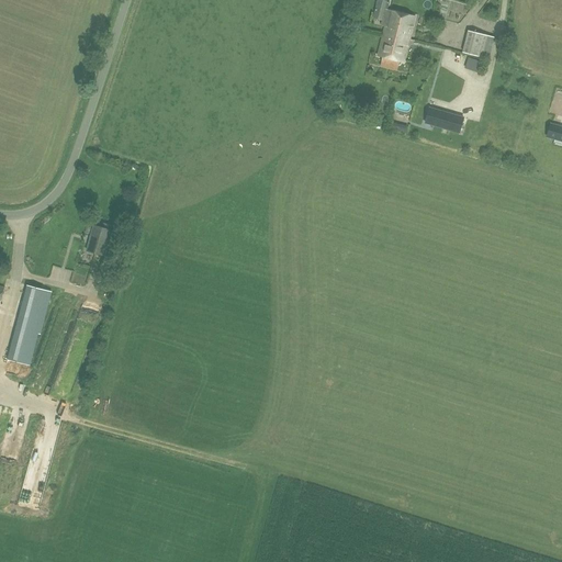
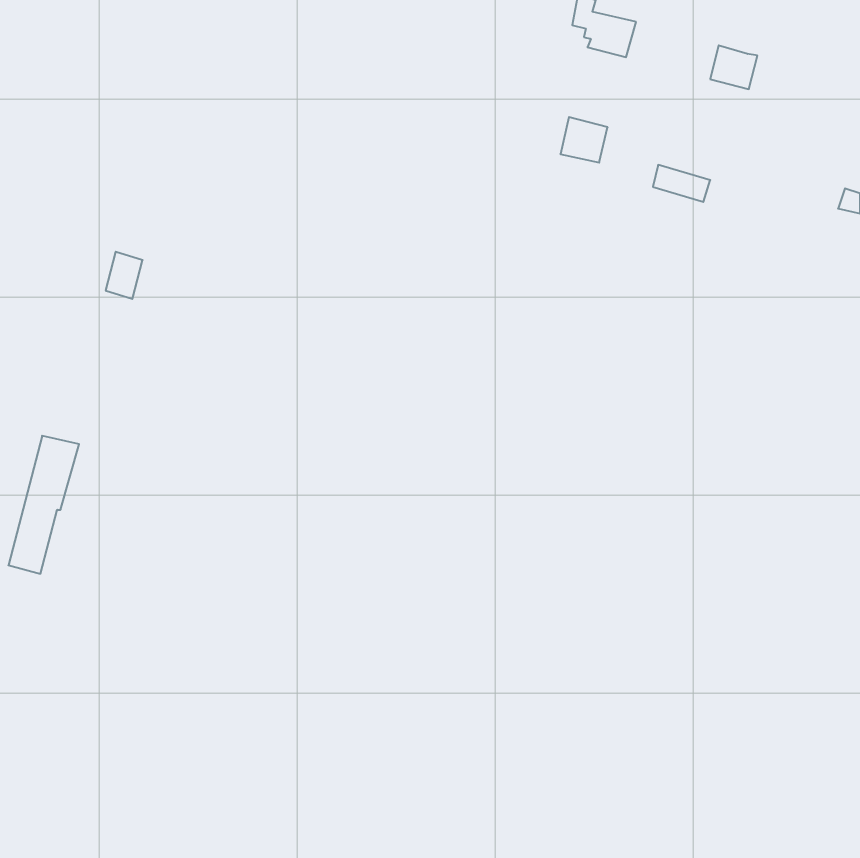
building: [378,31,408,60] -> [560,117,608,163]
building: [87,224,111,255] -> [106,252,143,299]

